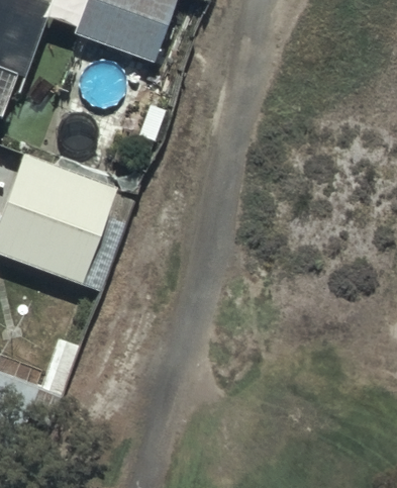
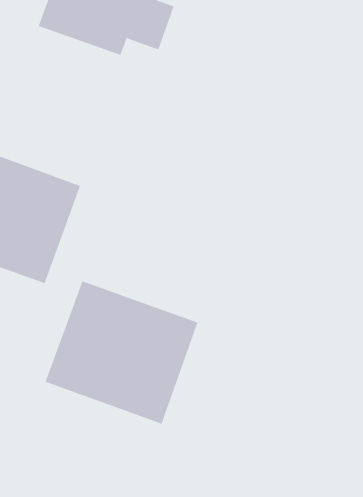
building: none -> [45,280,198,425]

